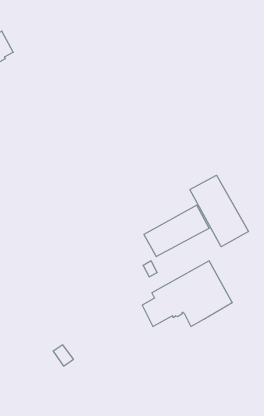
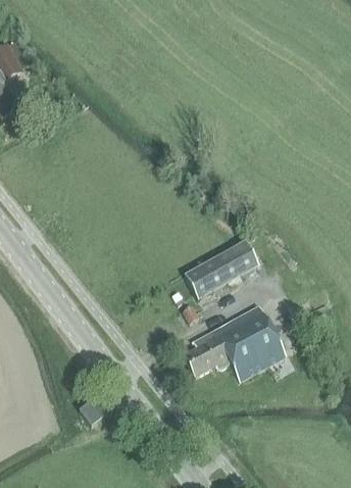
building: [190,175,248,247] -> none

